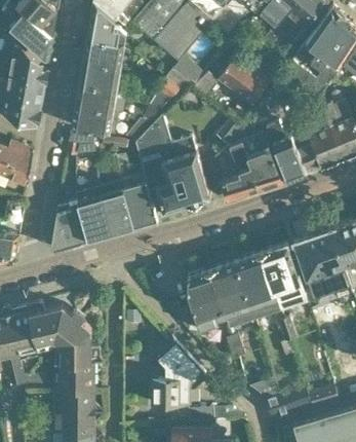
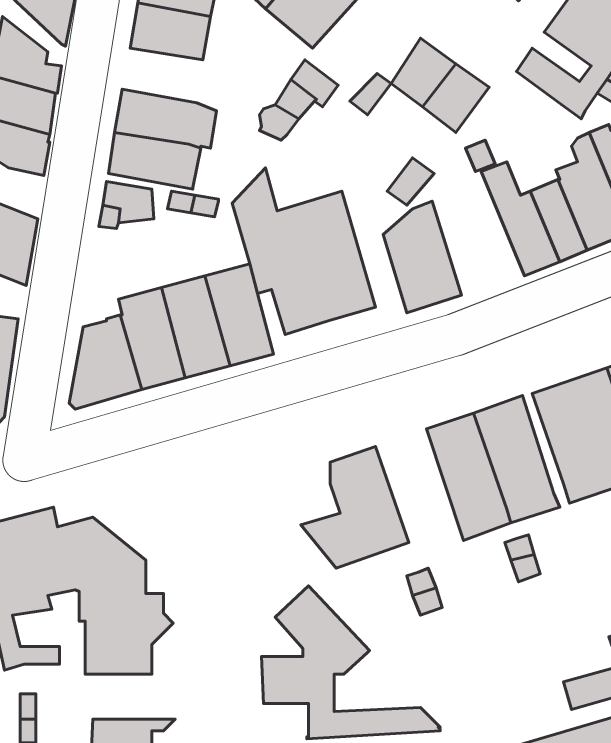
building: [78,62,135,96] -> none
building: [240,132,284,191] -> none
building: [210,261,256,328] -> none
building: [52,390,106,413] -> none

